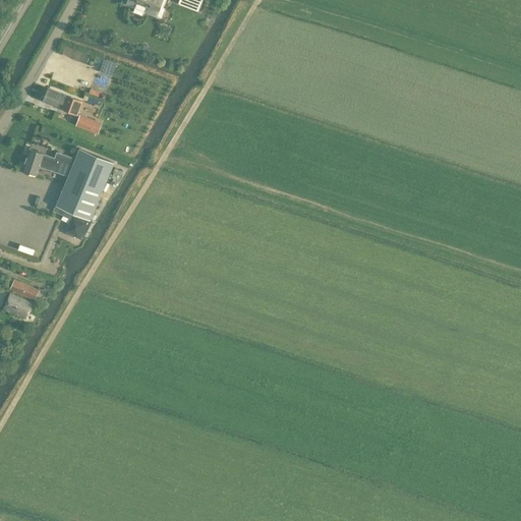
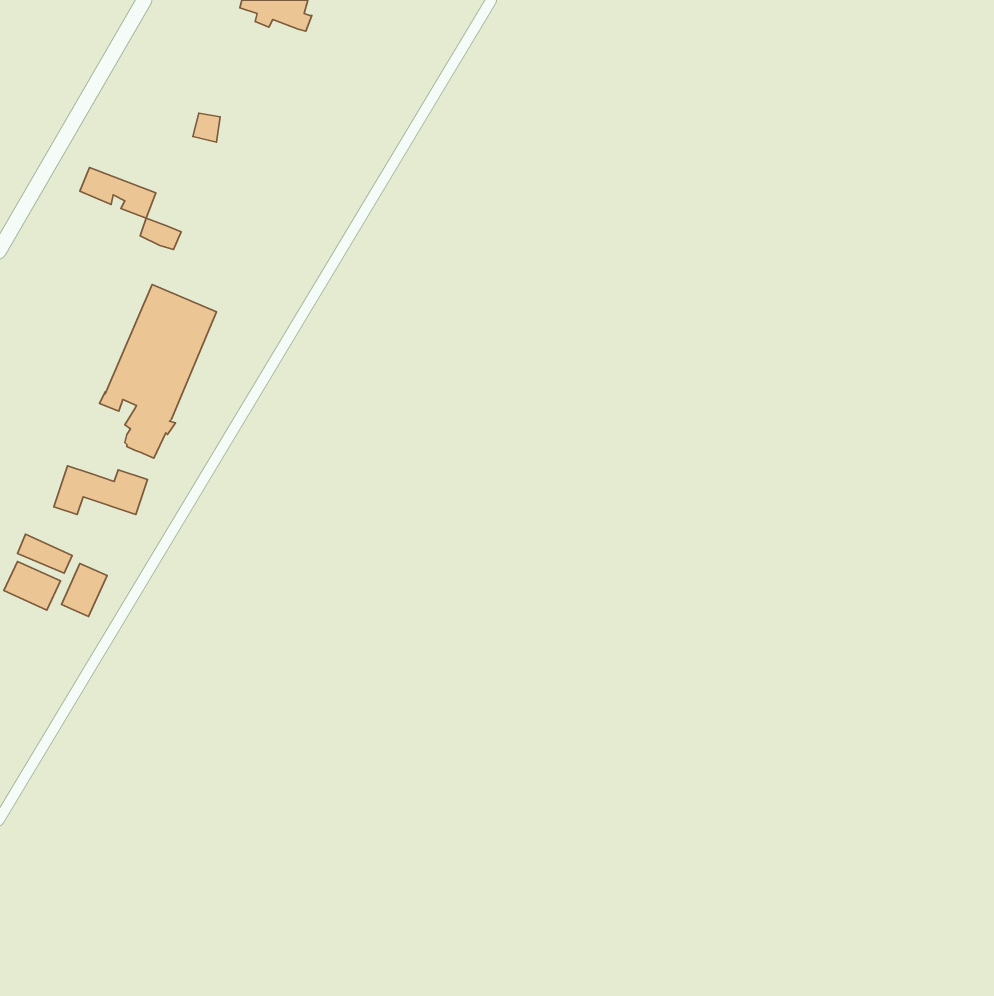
building: [21,149,70,174] -> [54,466,147,515]
building: none -> [61,563,107,616]

